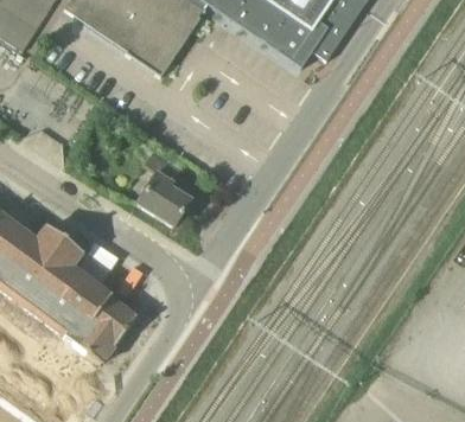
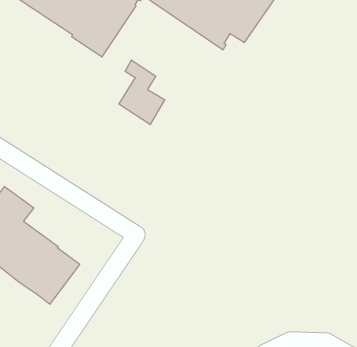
building: [139,151,192,225] -> [119,60,165,124]

